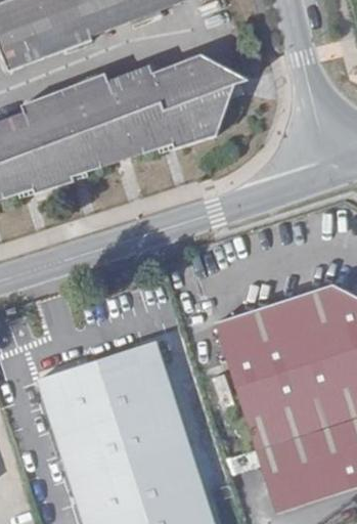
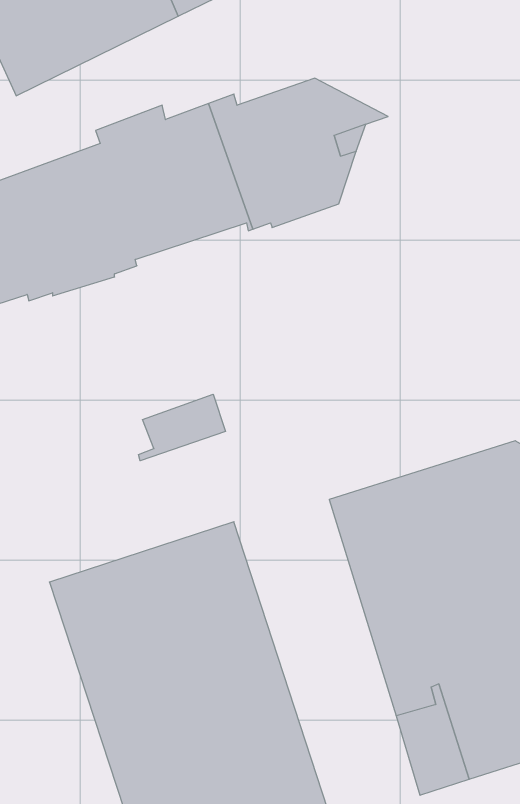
building: none -> [139,394,226,461]

